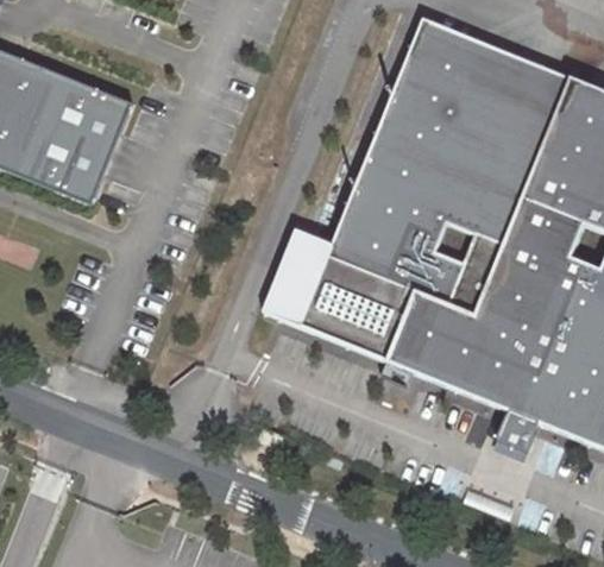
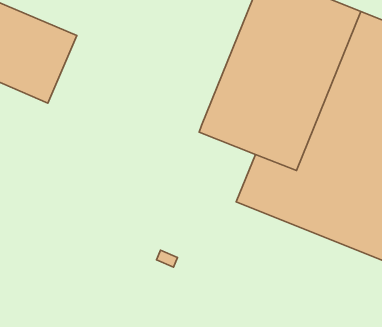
building: [259,228,407,355] -> none

